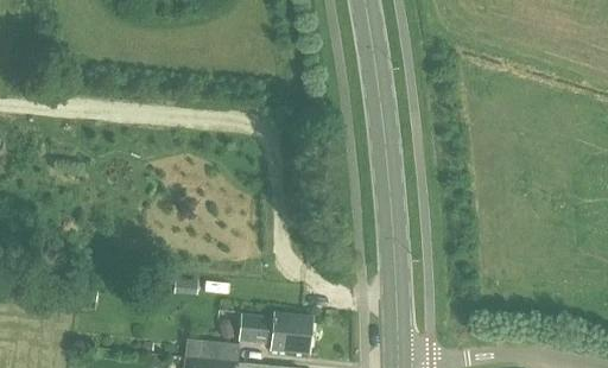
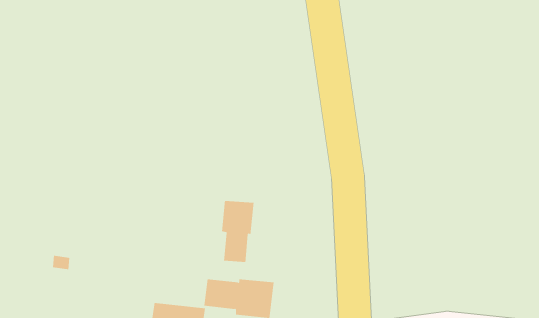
building: none -> [222,200,254,263]

